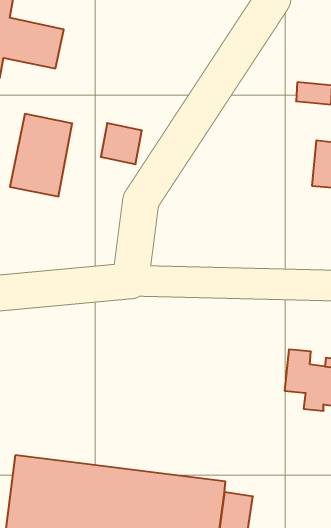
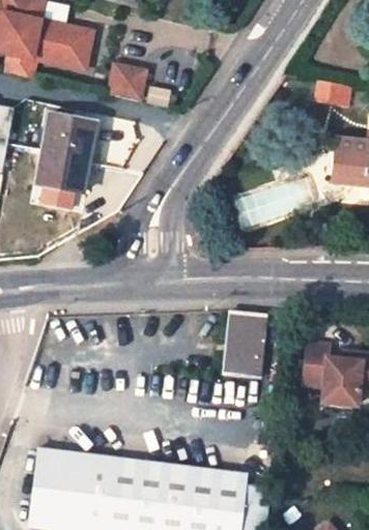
building: [101,123,142,164] -> [104,62,144,102]
building: none -> [225,312,267,378]

